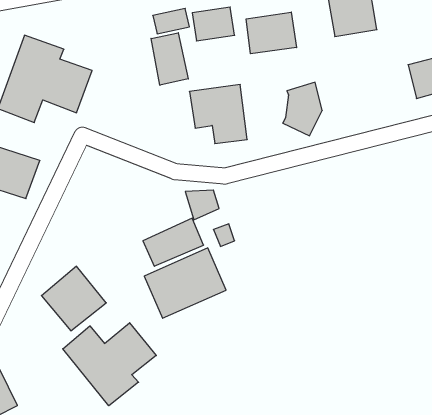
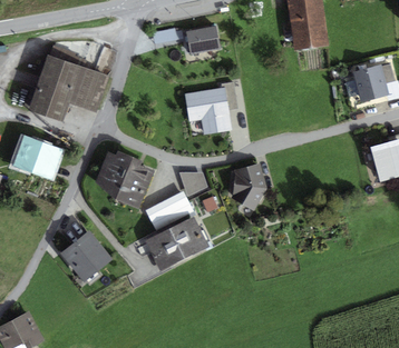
building: [246,12,297,54] -> none
building: [151,33,188,85] -> none
building: [283,82,322,136] -> [230,163,261,206]
building: none -> [95,151,148,205]
building: [63,323,156,406] -> none

